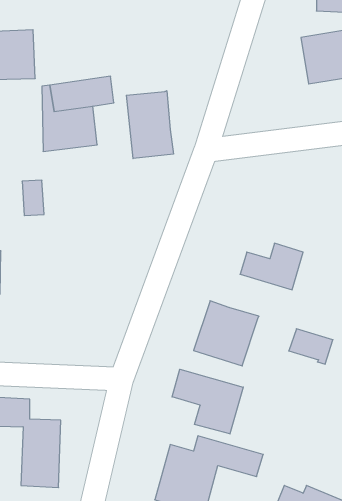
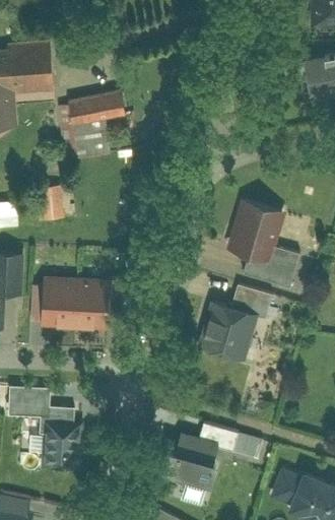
building: [126,91,173,159] -> none
building: none -> [225,198,282,261]
building: none -> [39,276,109,331]
building: [289,329,333,364] -> [230,285,271,318]
building: [172,369,243,434] -> none

